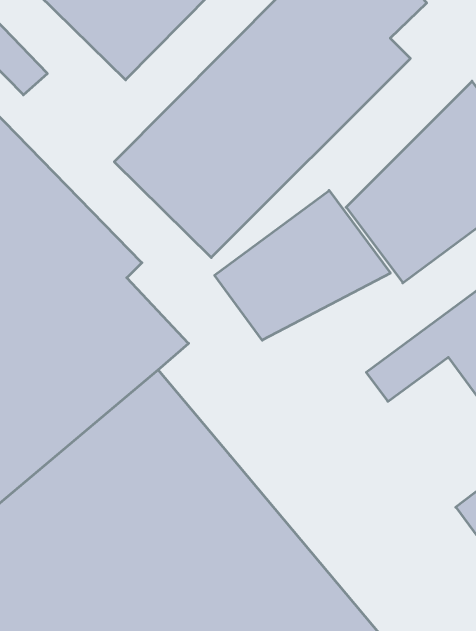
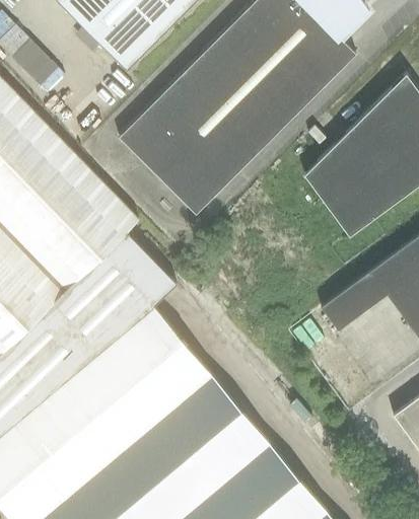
building: [215,190,390,340] -> none

